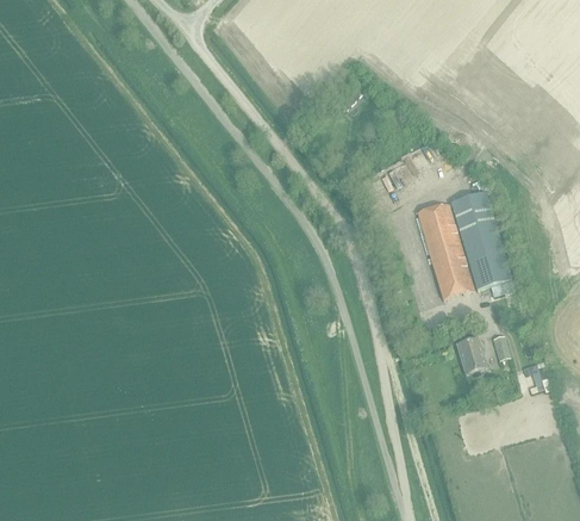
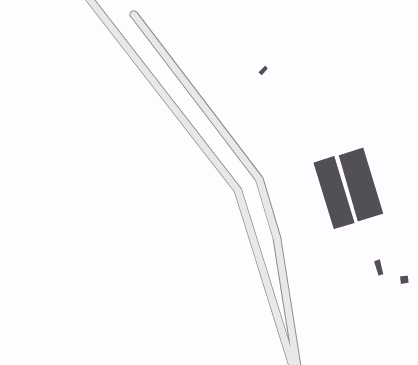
building: [459,337,488,372] -> none

